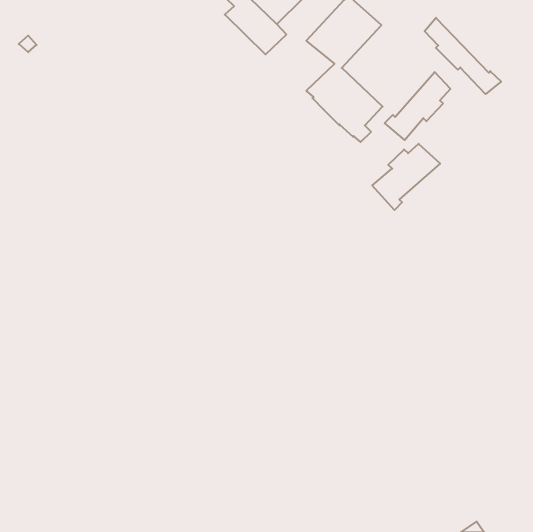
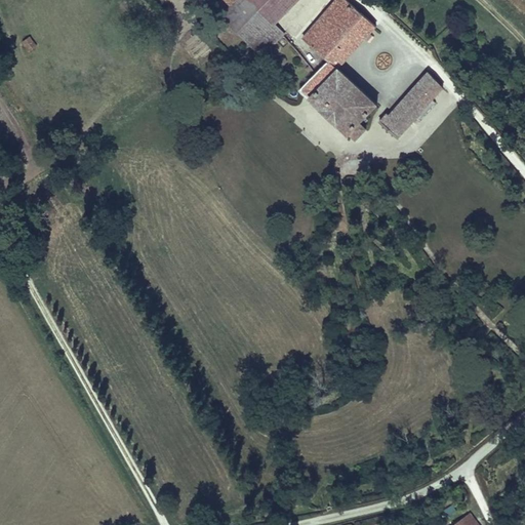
building: [425,18,501,94] -> none
building: [372,144,440,210] -> none

